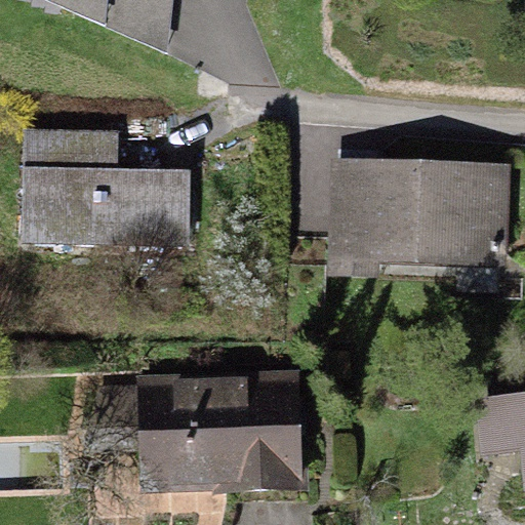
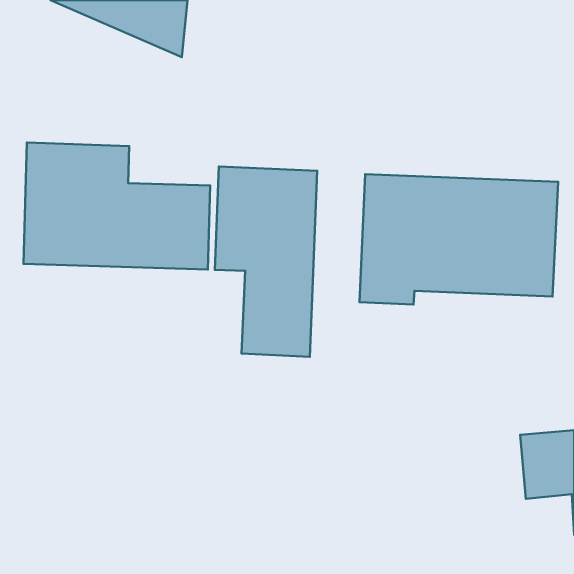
building: none -> [215,167,317,357]
building: [135,369,305,495] -> none

